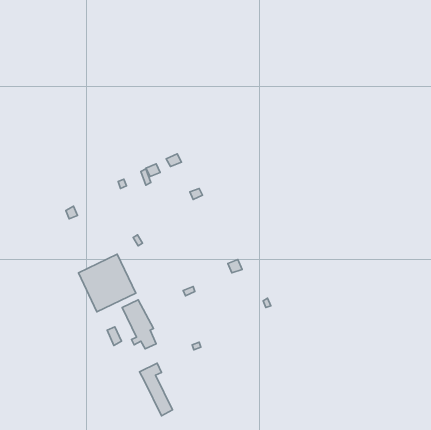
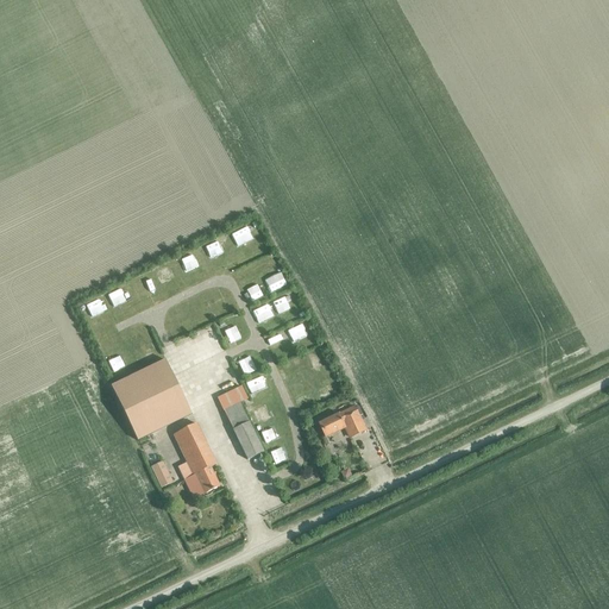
building: none -> [319,406,364,437]
building: [140,363,172,416] -> [216,384,263,458]

